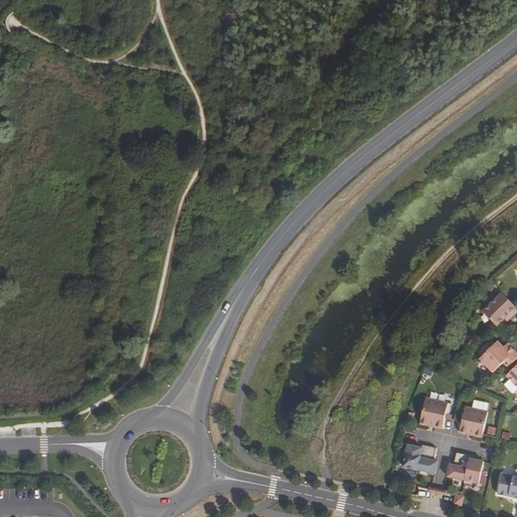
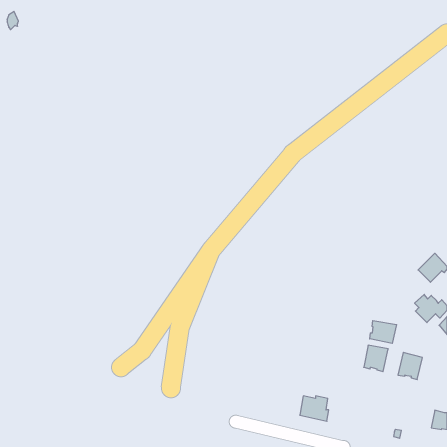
building: none -> [370,321,397,343]
building: [403,444,436,474] -> [300,396,329,421]
building: [446,451,483,483] -> none

